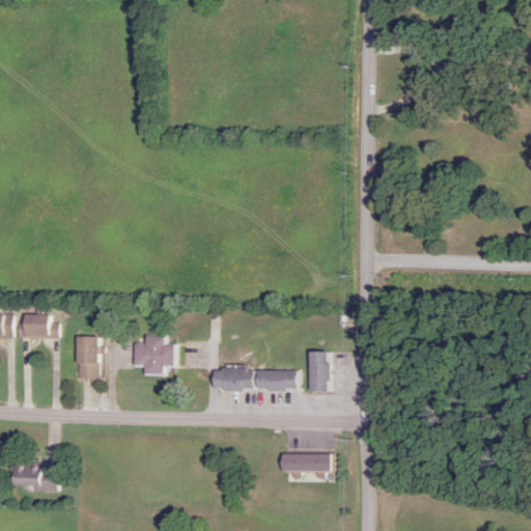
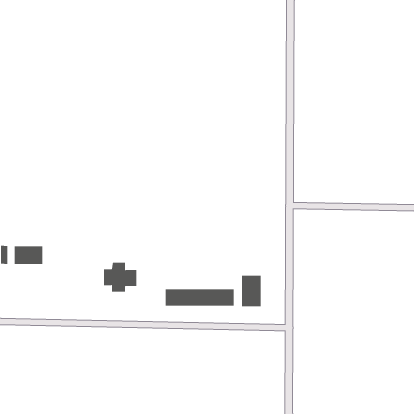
building: [76,336,96,378] -> none
building: [279,454,332,472] -> none
building: [10,463,60,488] -> none

